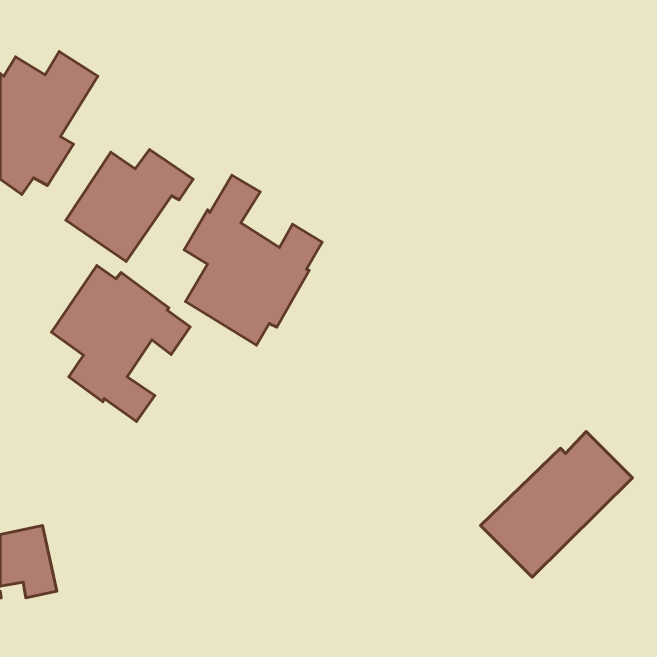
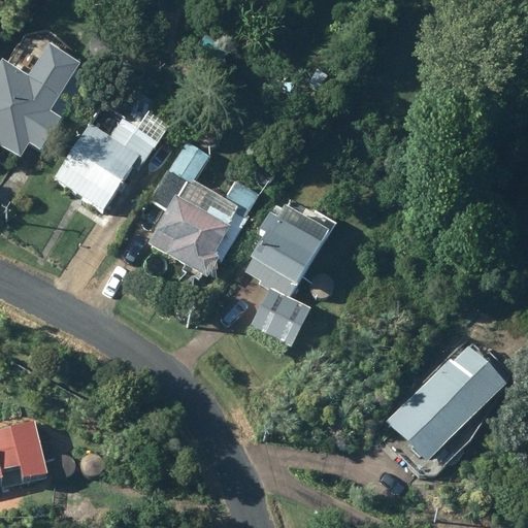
building: none -> [244,204,325,345]
building: [51,265,190,422] -> none

